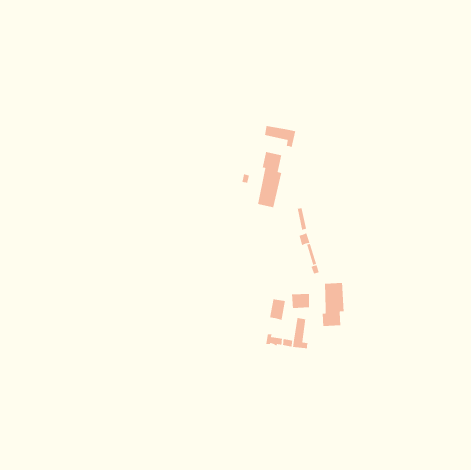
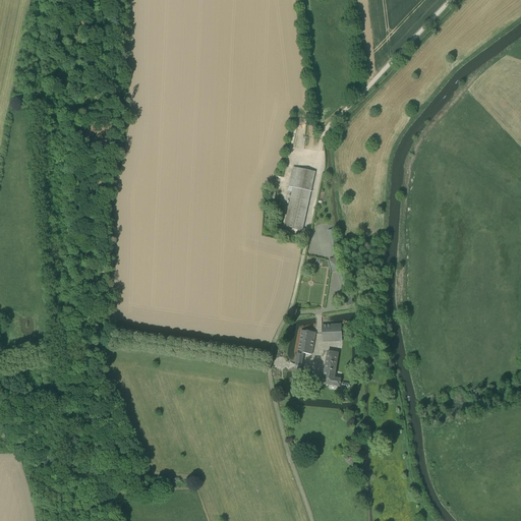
building: [264,125,296,148] -> none
building: [322,282,345,327] -> none

